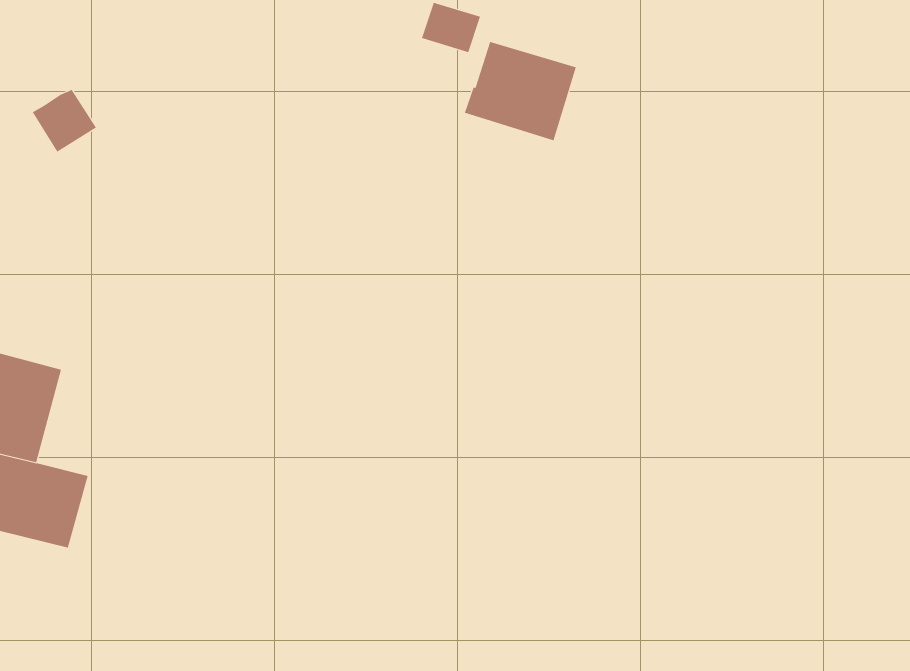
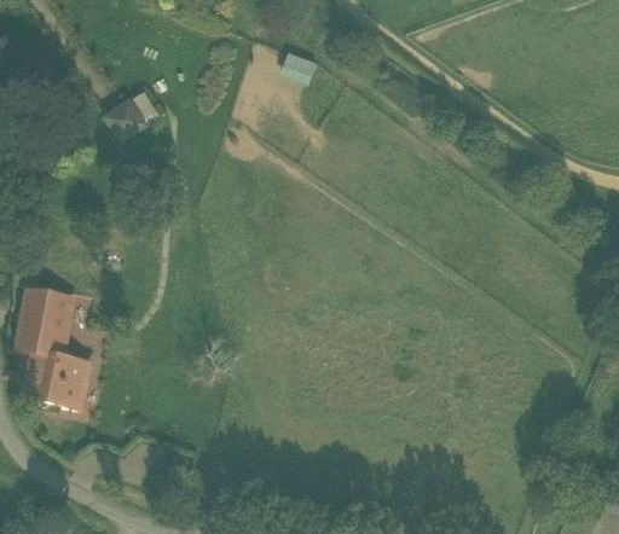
building: [464,41,577,141] -> none
building: [32,89,97,152] -> [108,104,149,144]

